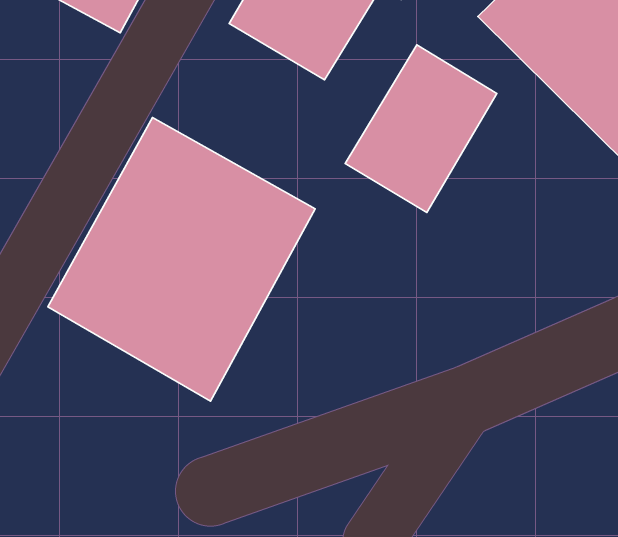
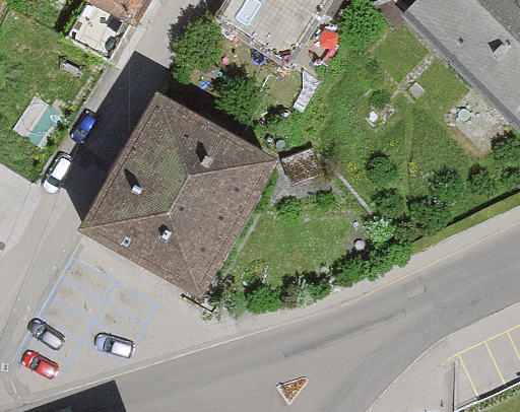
building: [345,45,497,212] -> none

